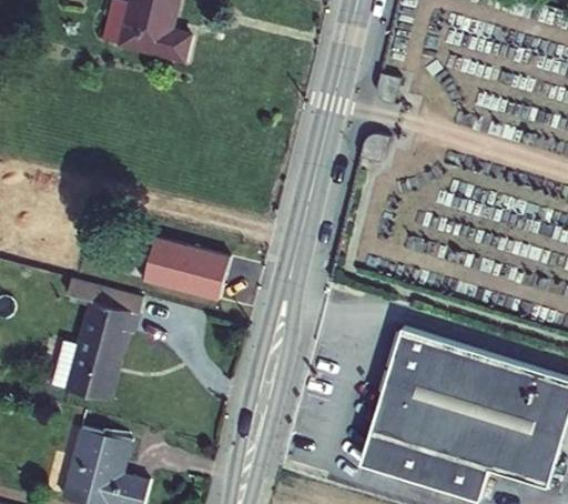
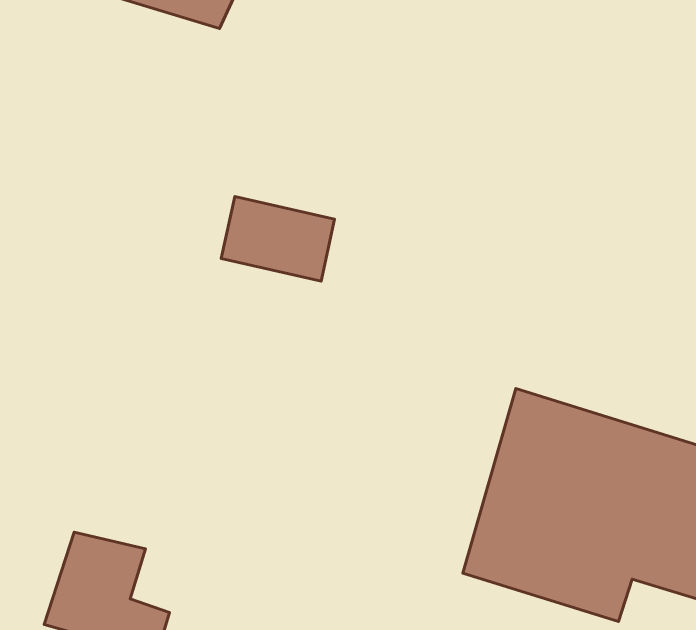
building: [144,244,227,306] -> [221,196,335,281]
building: [68,282,149,403] -> none

